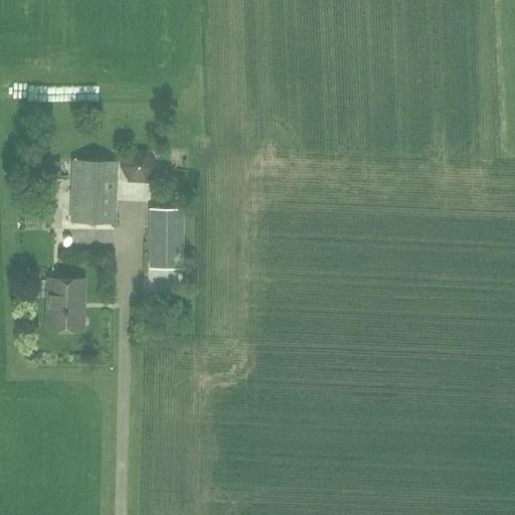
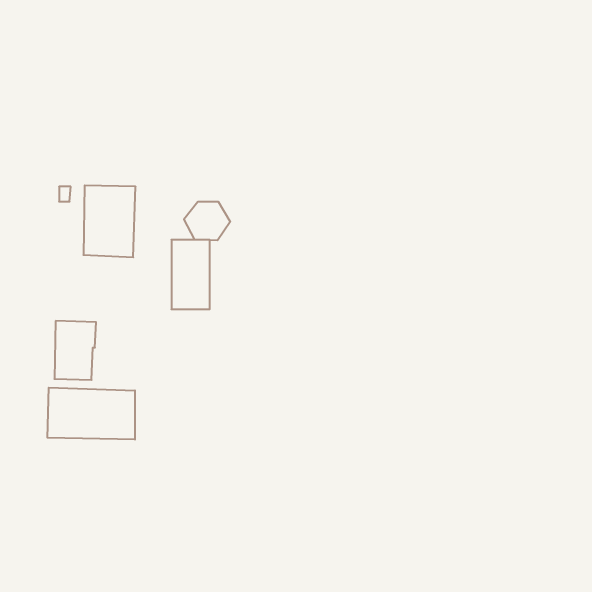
building: [118,150,158,183] -> [184,202,230,240]
building: none -> [47,388,135,440]

